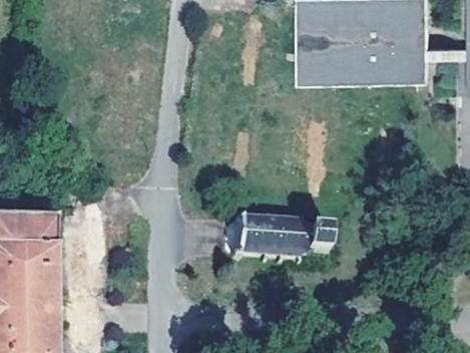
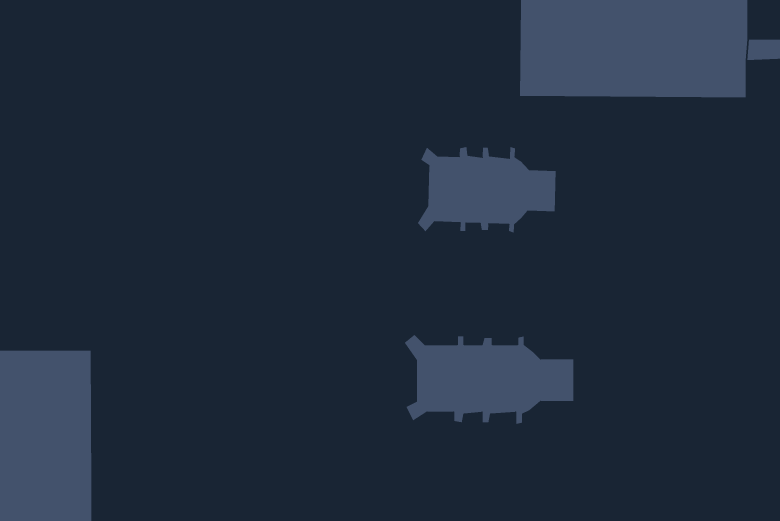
building: none -> [417,146,556,234]

